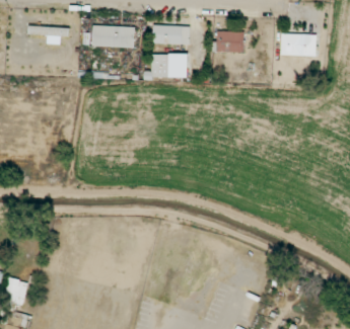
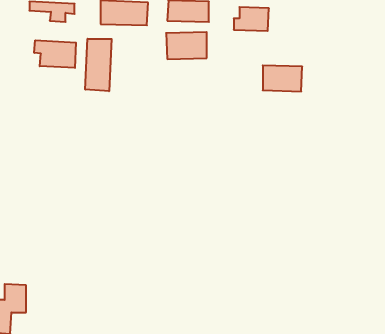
building: [280,32,316,56] -> [263,65,302,91]
building: none -> [85,39,112,91]
building: none -> [34,40,76,68]

